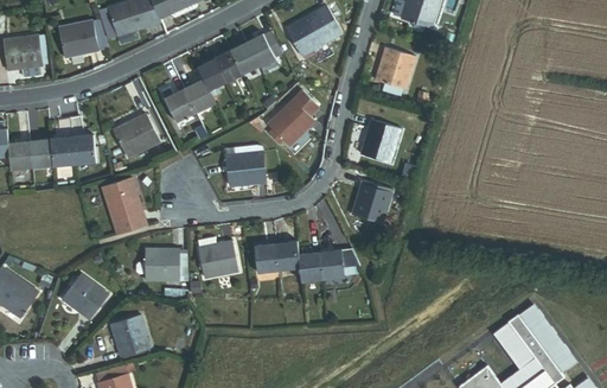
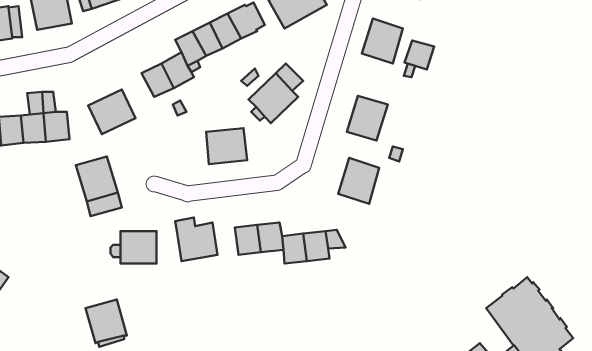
building: none -> [405,40,434,70]
building: [60,275,107,320] -> none

